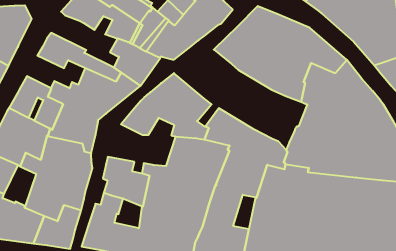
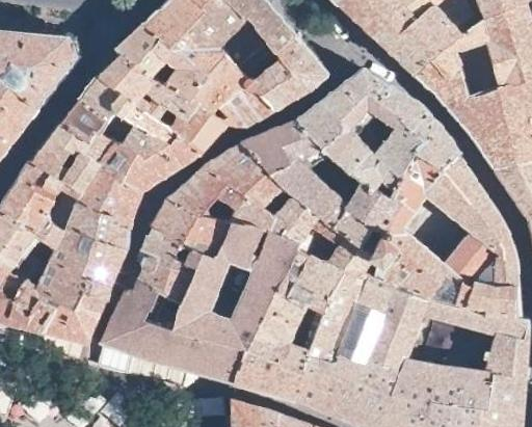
building: none -> [99,54,157,101]
building: none -> [244,121,404,257]
building: none -> [61,100,110,142]
building: none -> [149,198,236,258]

